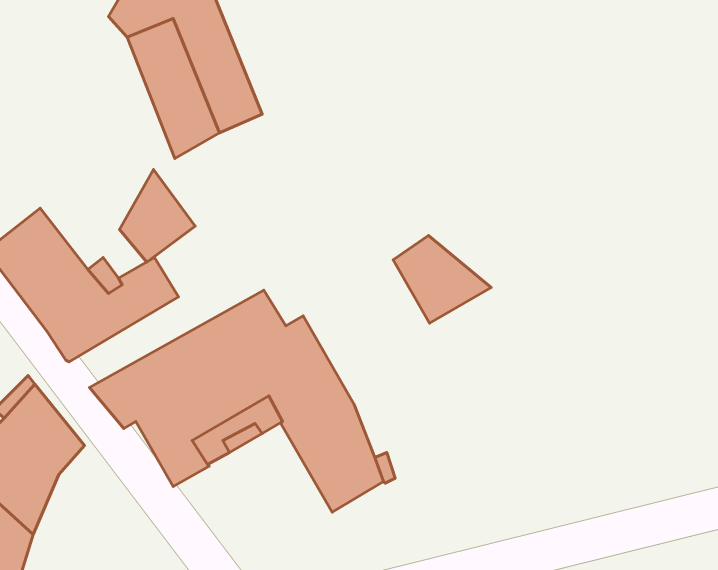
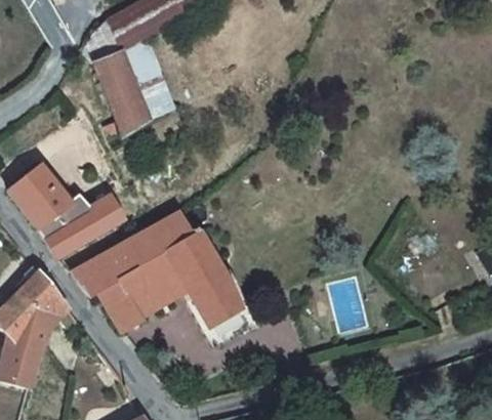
building: [120,169,195,262] -> none
building: [393,236,491,323] -> none

